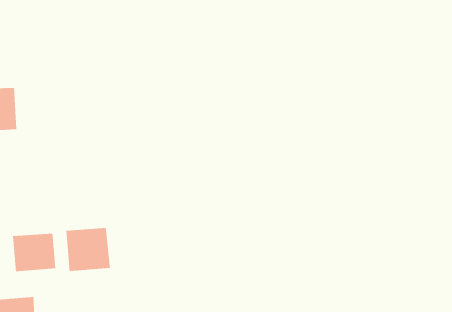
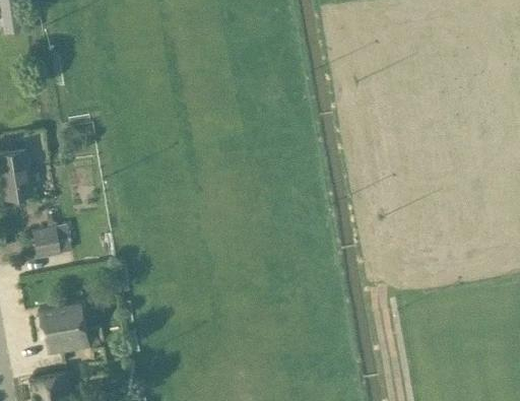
building: none -> [31,229,58,259]
building: [66,227,111,272] -> none

